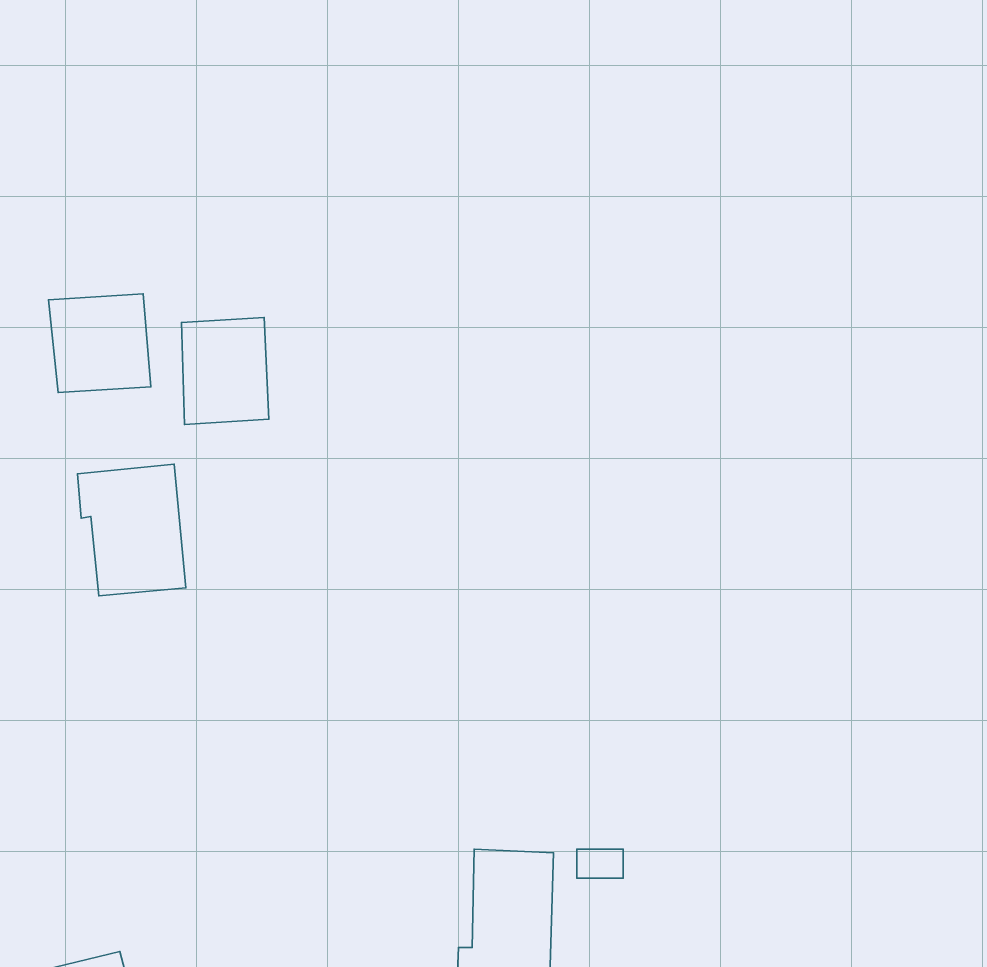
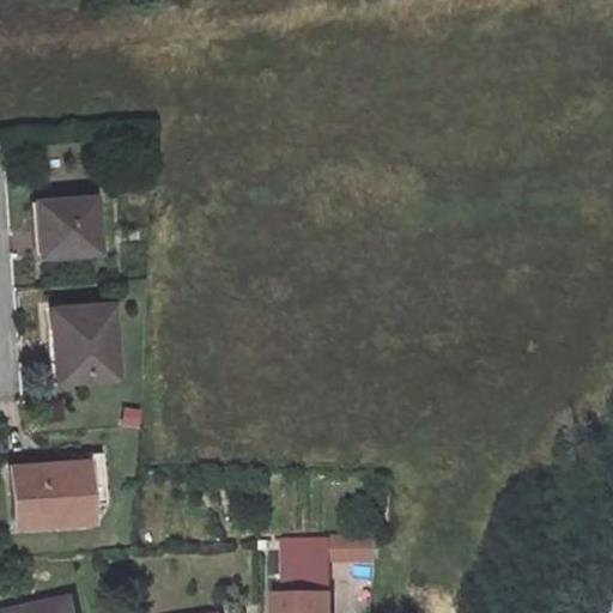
building: [182,317,269,425] -> none
building: none -> [8,454,104,528]

